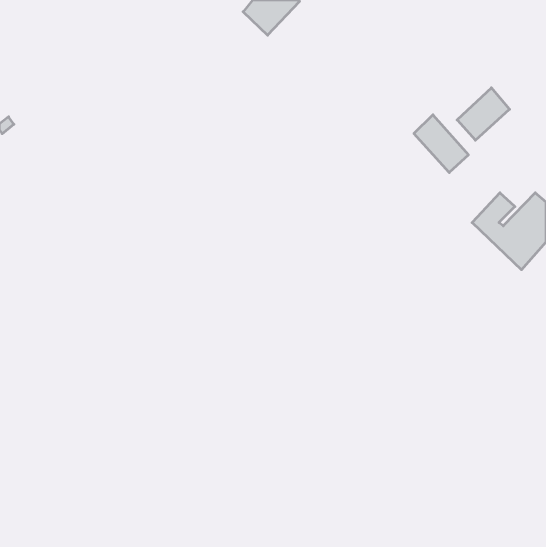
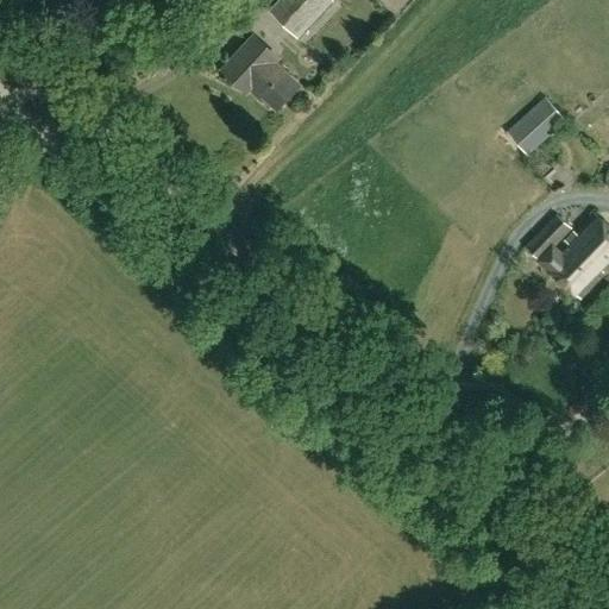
building: none -> [224,37,300,109]
building: [414,115,468,173] -> none

